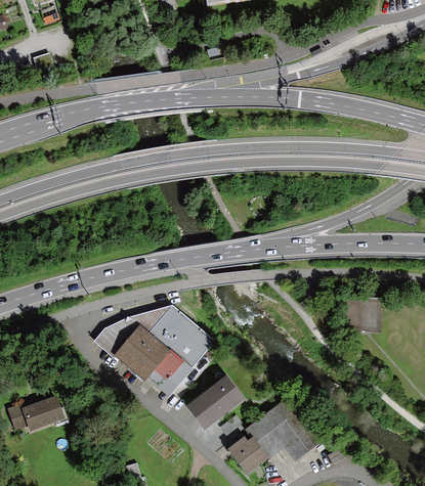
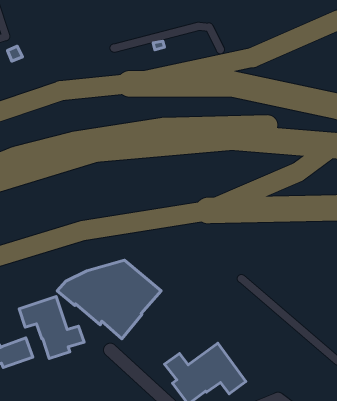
building: none -> [19,296,84,358]
building: [186,377,245,430] -> none

